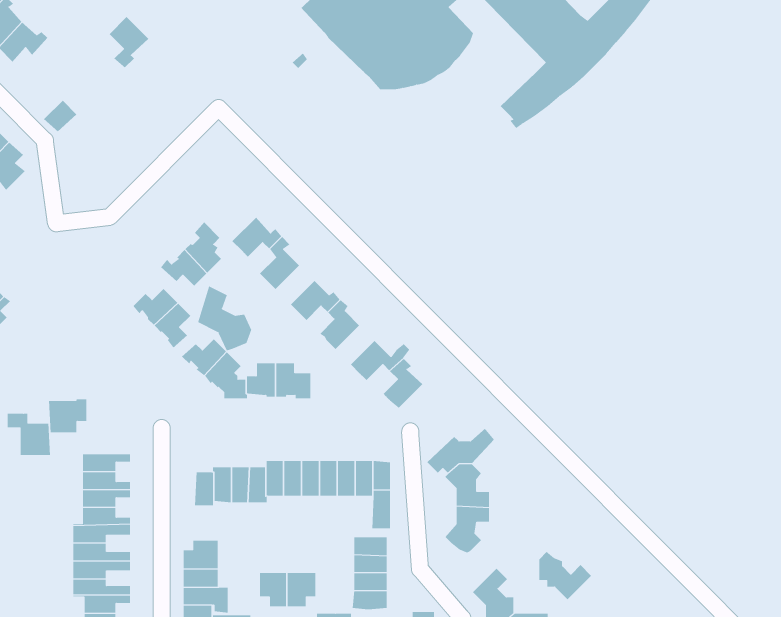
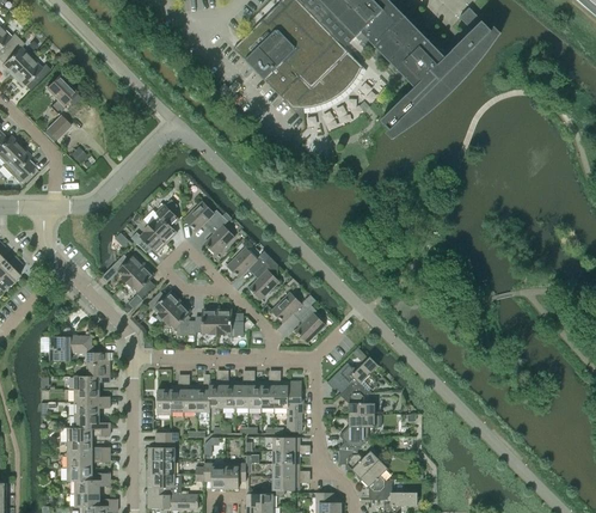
building: [109,16,149,68] -> [45,77,75,115]
building: [198,286,252,351] -> none
building: [7,413,51,456] -> [78,346,110,377]
building: [538,551,592,600] -> [339,442,379,478]

